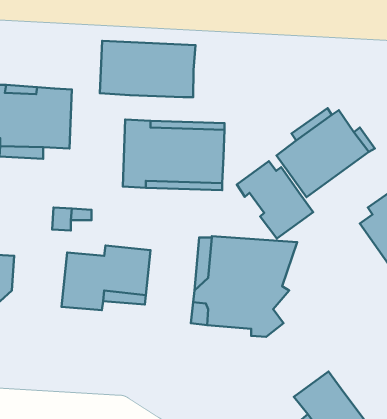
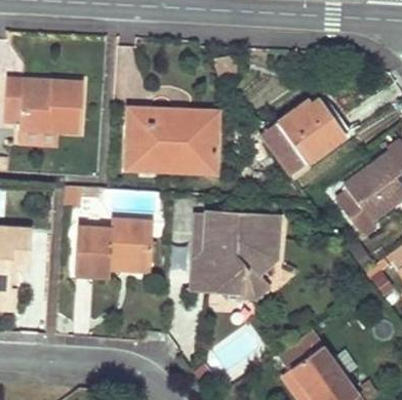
building: [100,41,196,97] -> none
building: [237,161,313,238] -> none

